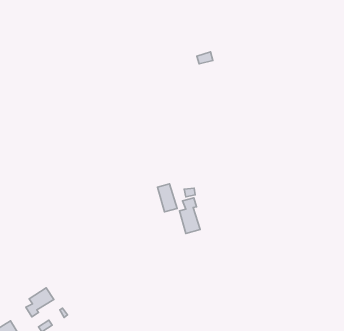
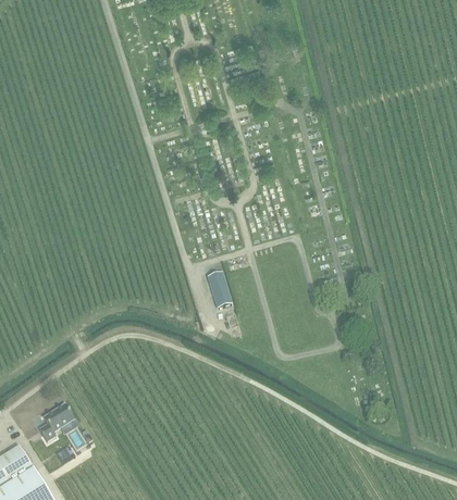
building: [179,198,200,234] -> none

